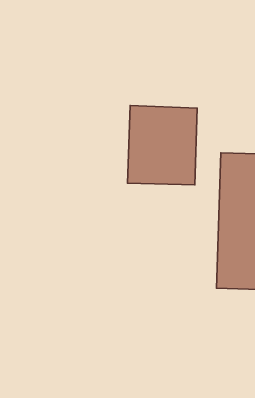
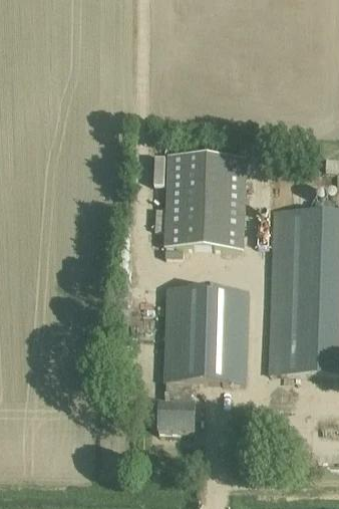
building: none -> [157,286,248,432]

